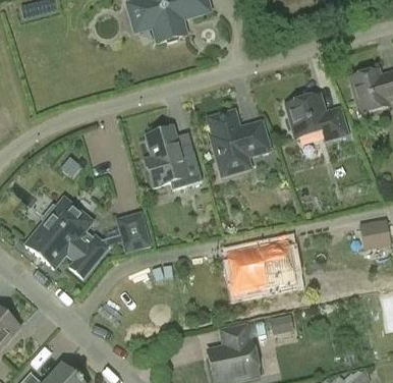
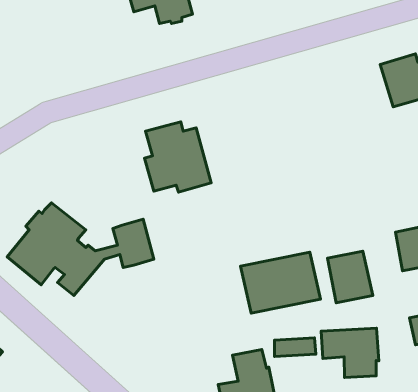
building: [287,94,347,140] -> none
building: [207,109,270,175] -> none
building: none -> [328,251,373,303]
building: none -> [321,328,379,378]

